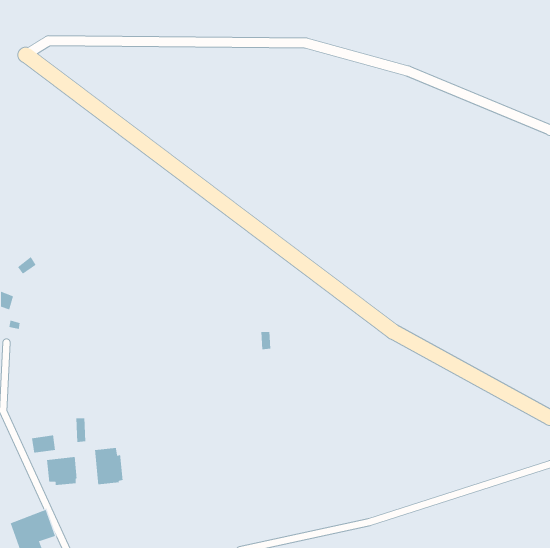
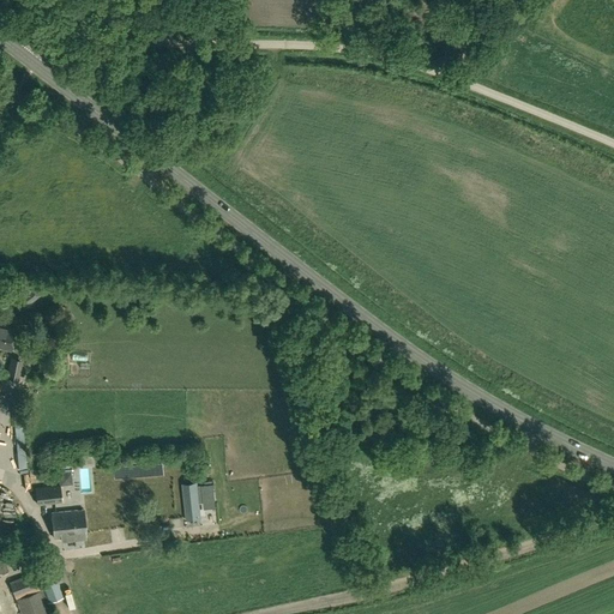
building: none -> [182,483,215,522]
building: [95,447,123,485] -> none

